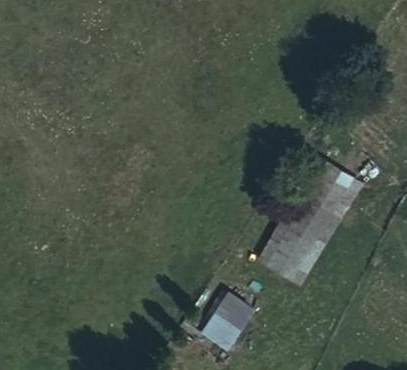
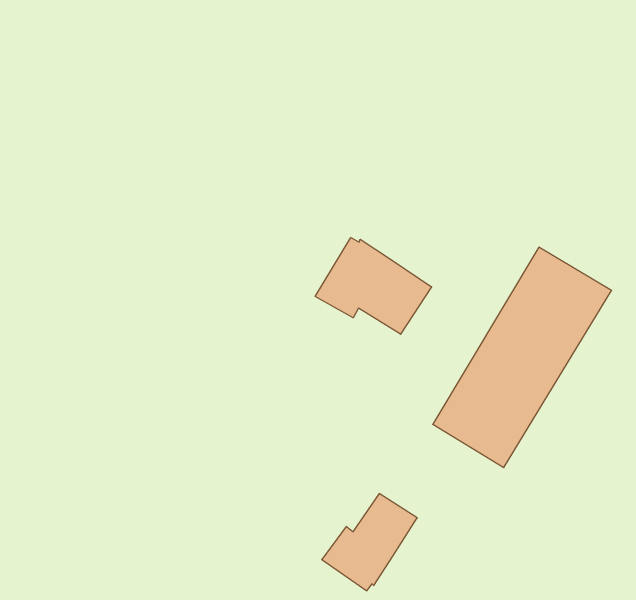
building: none -> [315,238,432,334]

